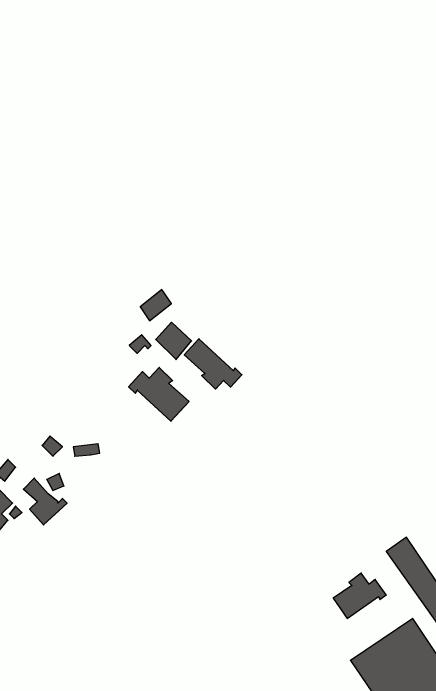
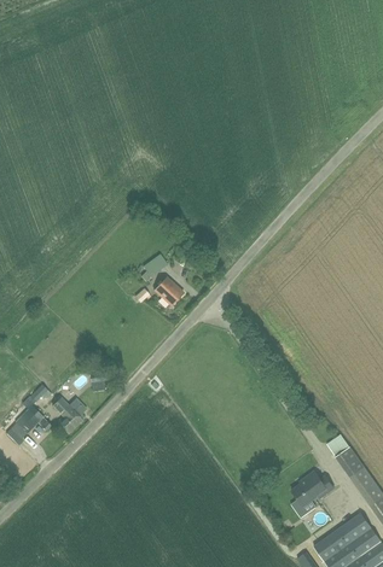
building: [184,339,242,389] -> none
building: [129,367,189,421] -> none

